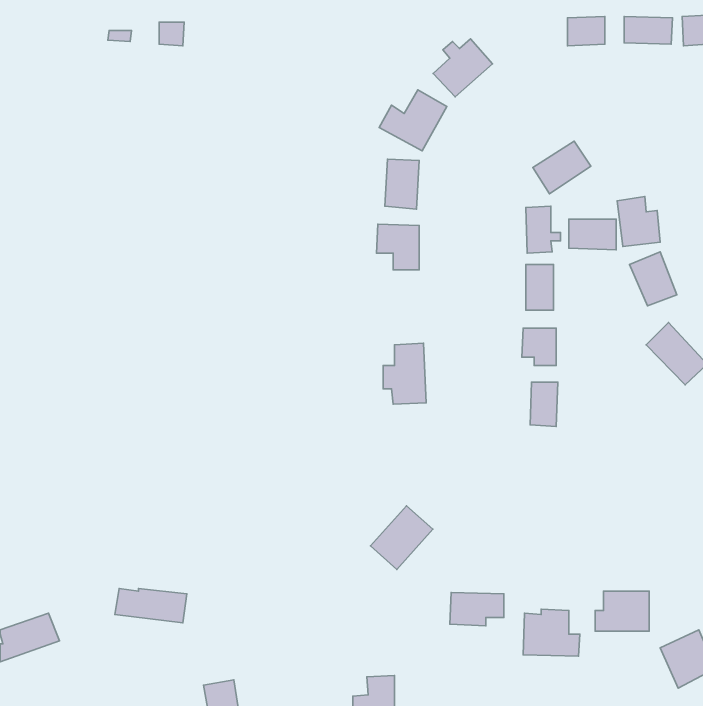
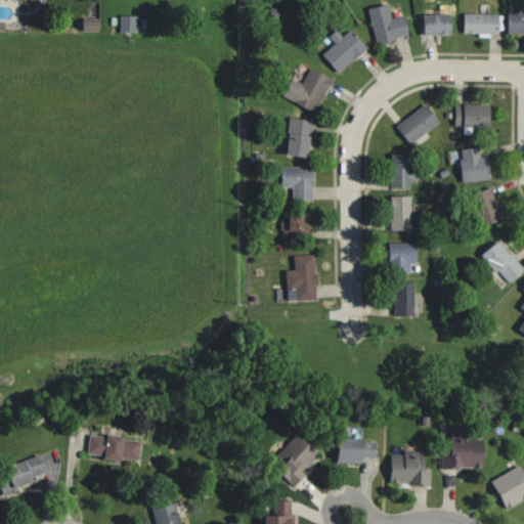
building: none -> [370,5,408,43]
building: [569,219,616,250] -> [455,104,490,127]
building: none -> [283,213,309,235]
building: [371,506,433,569] -> [273,438,319,485]

